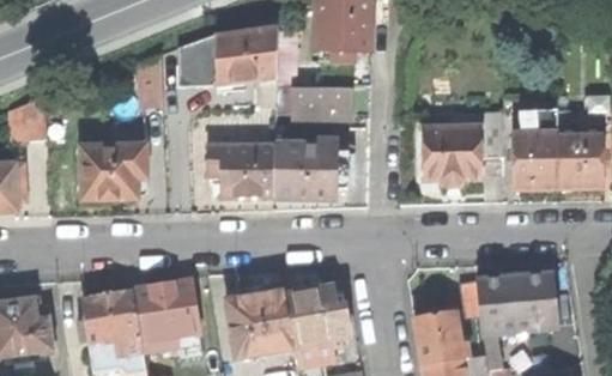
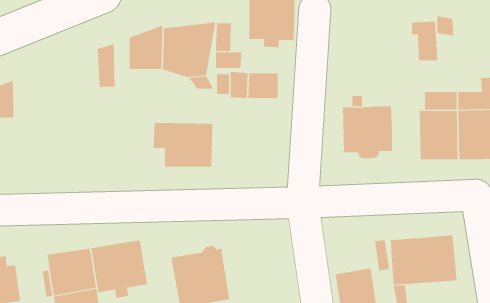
building: [474,110,505,156] -> [411,21,438,61]
building: [275,140,338,198] -> none
building: [81,144,149,199] -> none
building: [286,286,351,347] -> none

